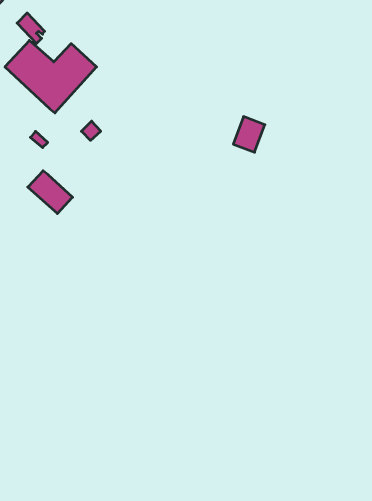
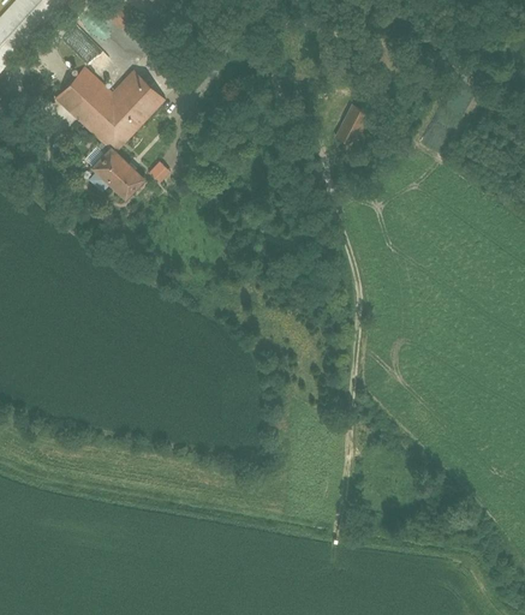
building: [233,117,265,152] -> [332,106,369,148]
building: [28,171,73,214] -> [90,147,143,197]

